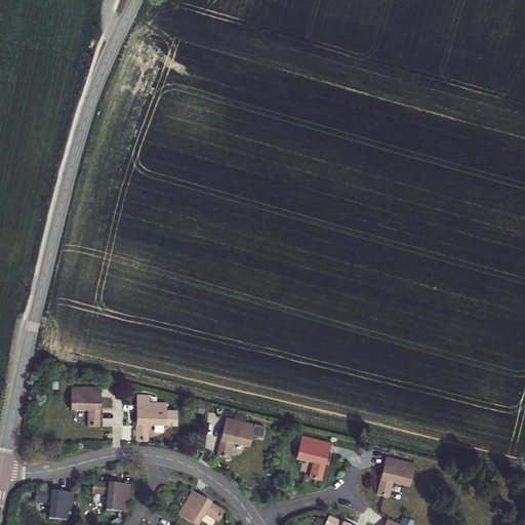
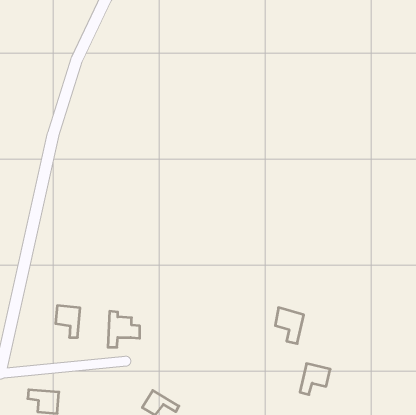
building: [216,416,264,456] -> none
building: [296,435,332,480] -> [275,308,304,344]
building: [91,481,131,509] -> none

